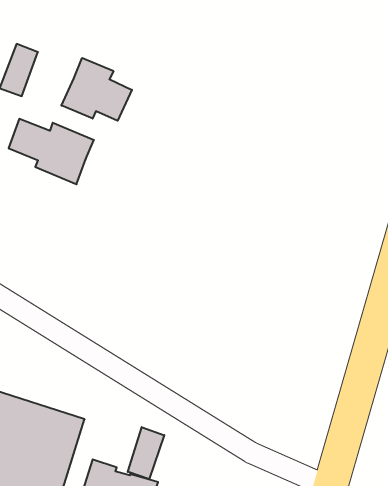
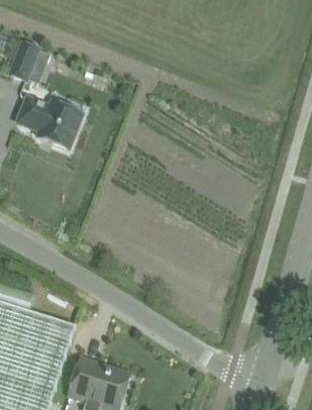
building: [61,58,132,121] -> none
building: [128,427,164,479] -> none

